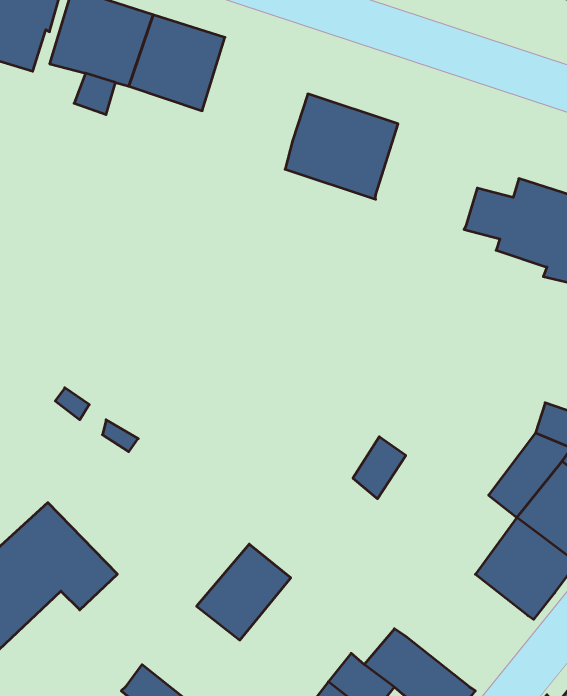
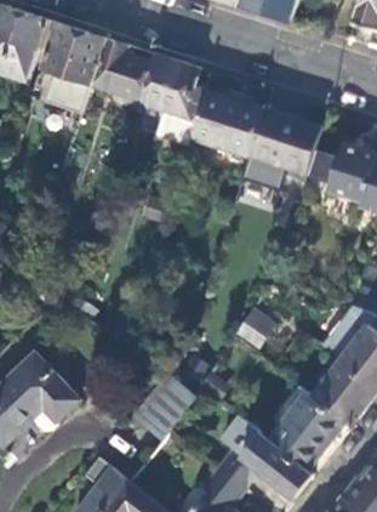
building: none -> [132,53,202,144]
building: none -> [246,109,319,175]
building: none -> [265,394,344,472]

